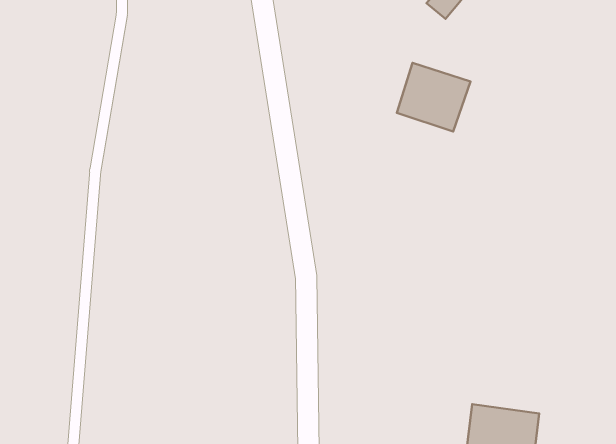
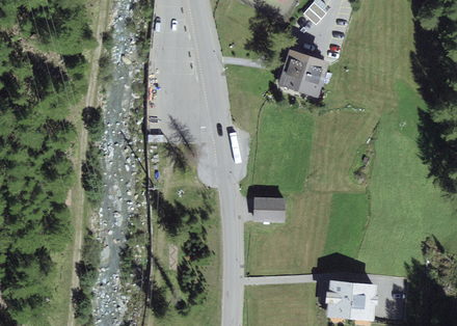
building: none -> [251,198,284,222]

